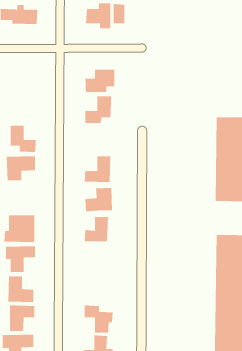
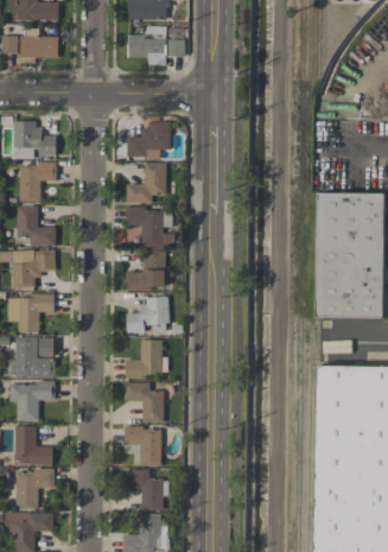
building: none -> [13,122,56,159]
building: none -> [19,164,57,202]
building: none -> [126,208,174,247]
building: none -> [7,294,53,331]
building: none -> [123,382,163,421]
building: none -> [123,427,161,465]

